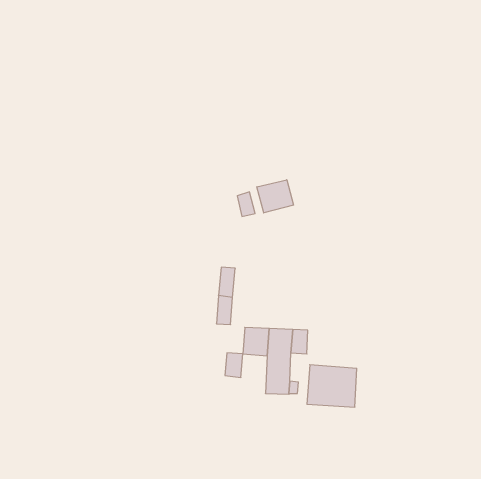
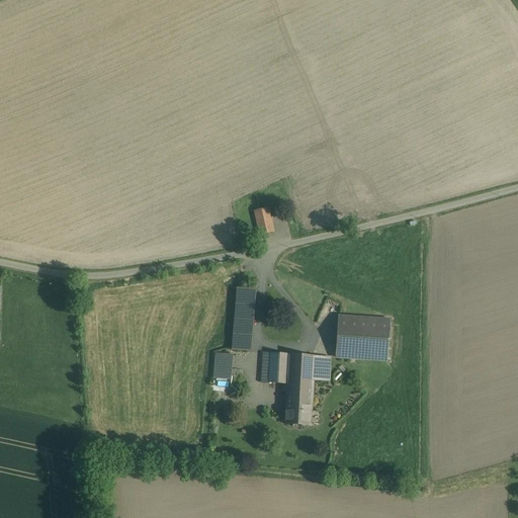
building: [257,180,294,213] -> none
building: [225,353,243,377] -> [213,352,233,378]
building: [307,365,357,407] -> [336,314,390,359]

